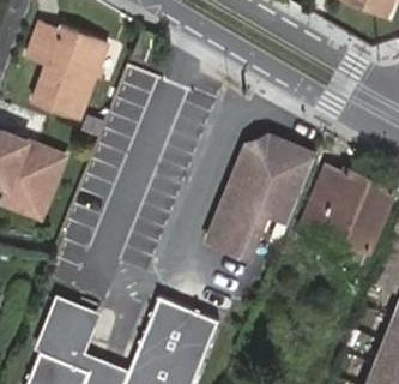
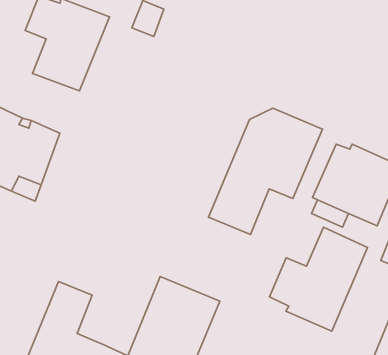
building: none -> [269,227,368,331]

